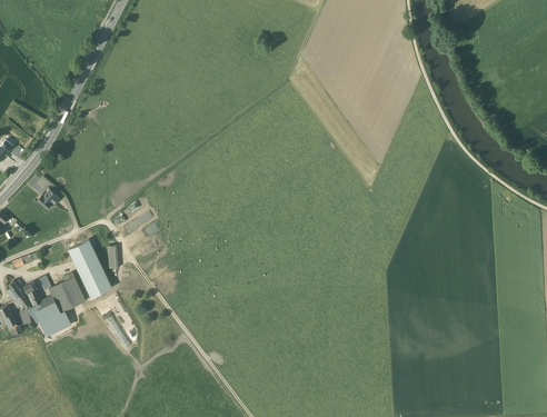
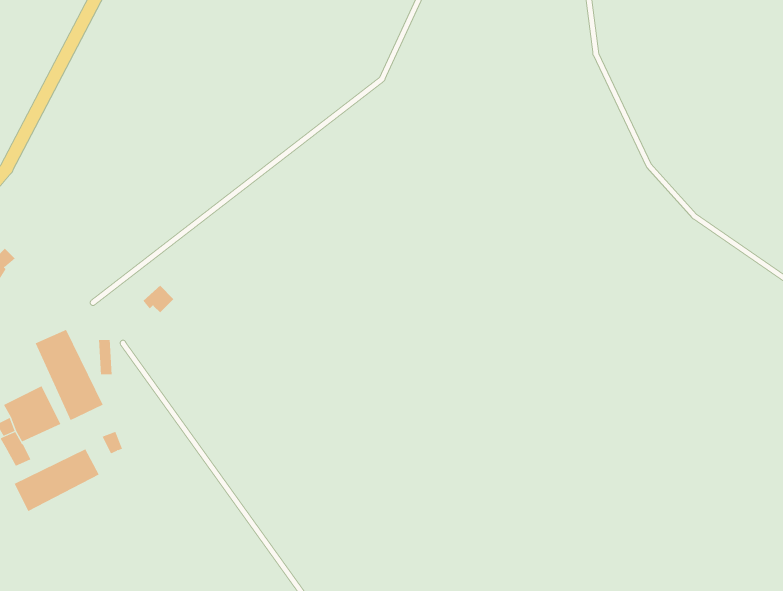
building: none -> [14,449,100,512]

